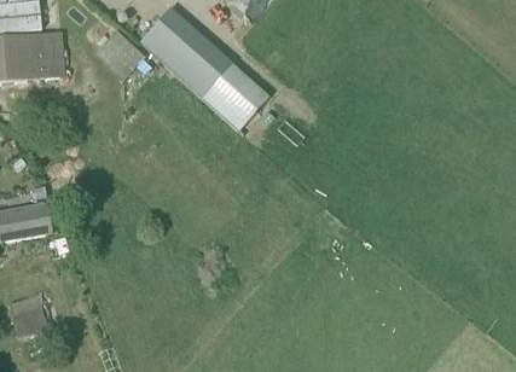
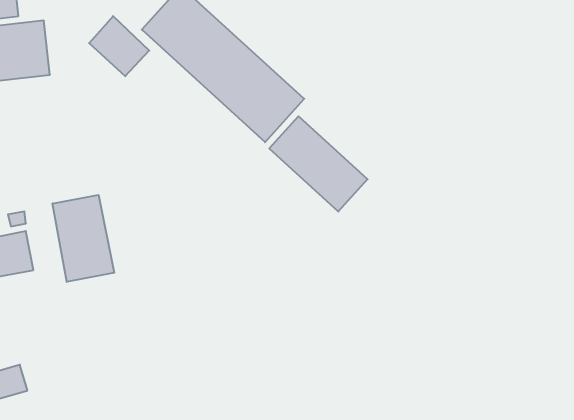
building: none -> [269,116,368,212]
building: none -> [53,195,114,282]

